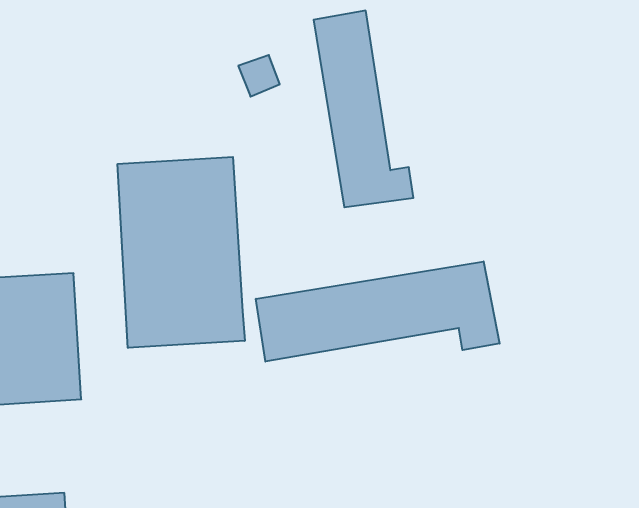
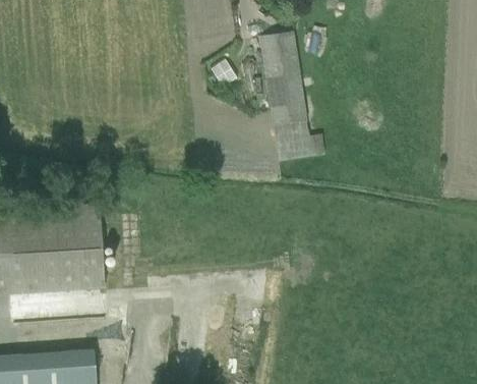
building: [118,157,245,348] -> none
building: [256,261,500,362] -> none

